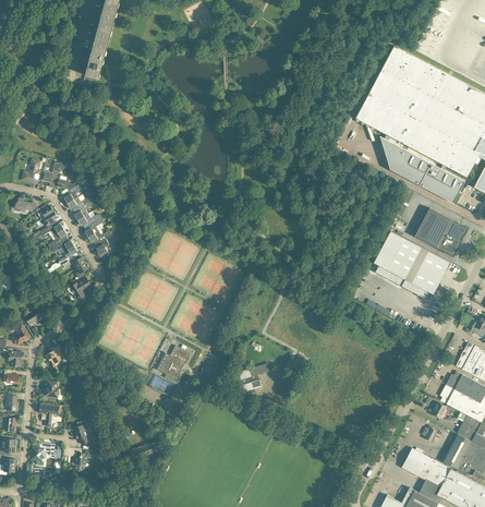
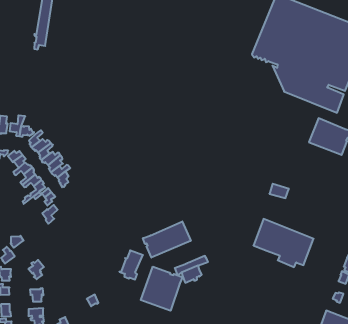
building: [374,231,450,295] -> [253,219,314,267]
building: none -> [143,221,191,258]
building: none -> [141,267,183,311]

